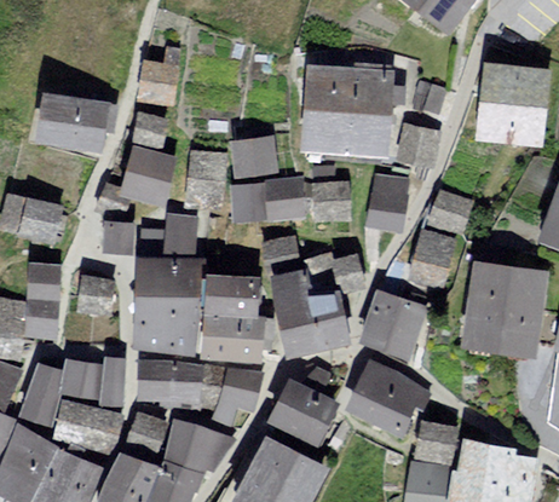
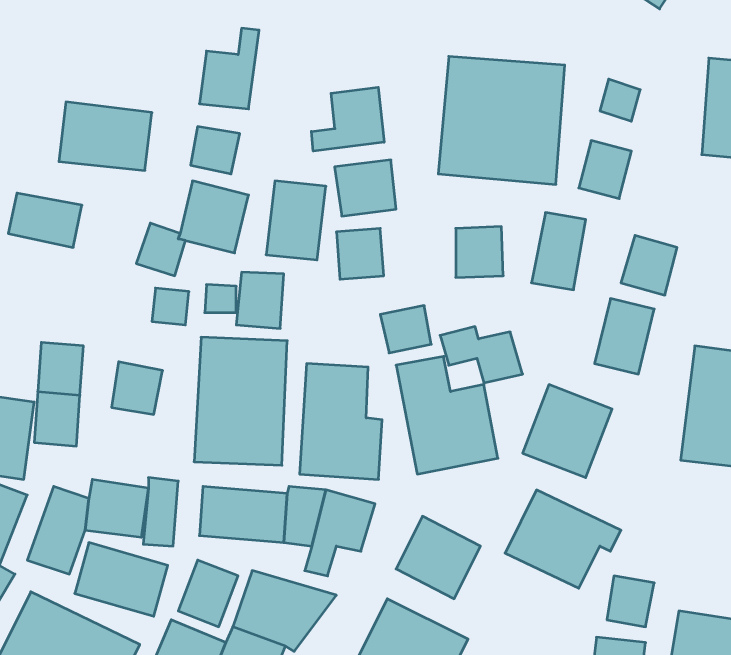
building: none -> [311,87,384,151]
building: [264,180,302,217] -> none
building: [10,202,60,240] -> [8,193,82,247]

